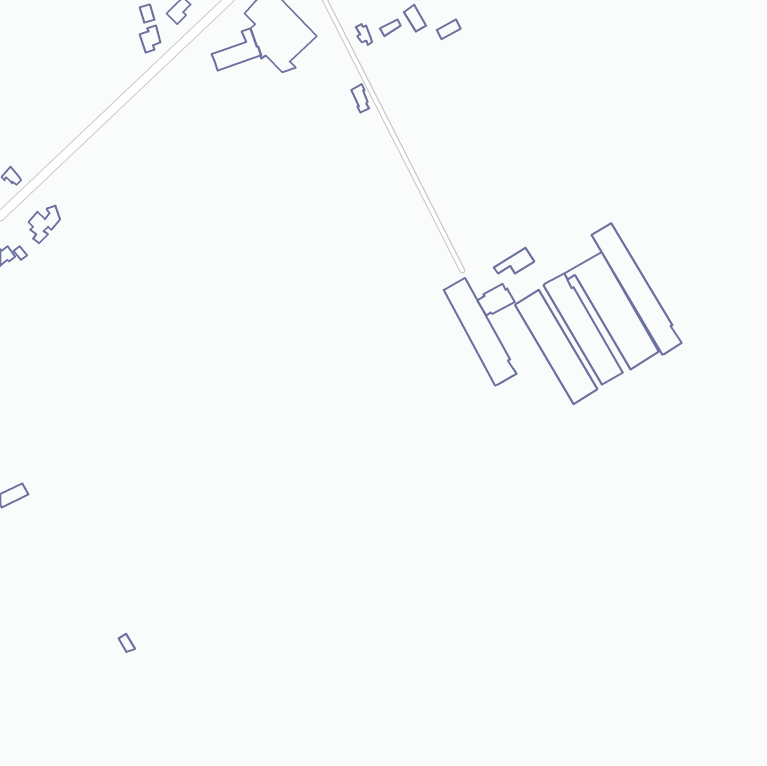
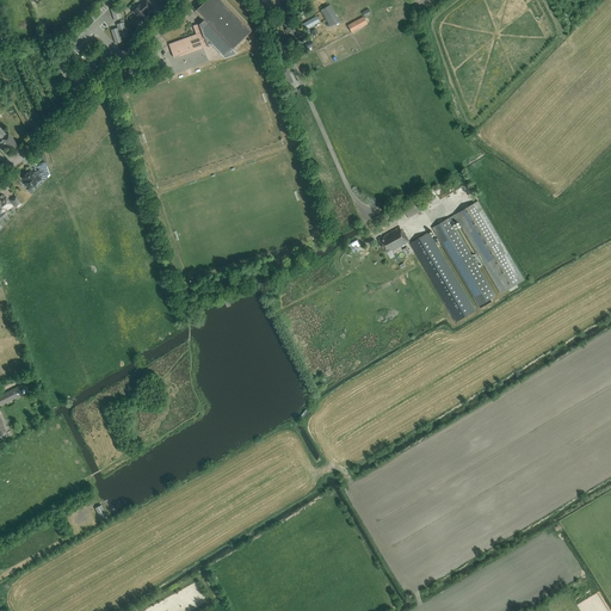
building: [592,223,682,355] -> none
building: [444,278,517,386] -> none

